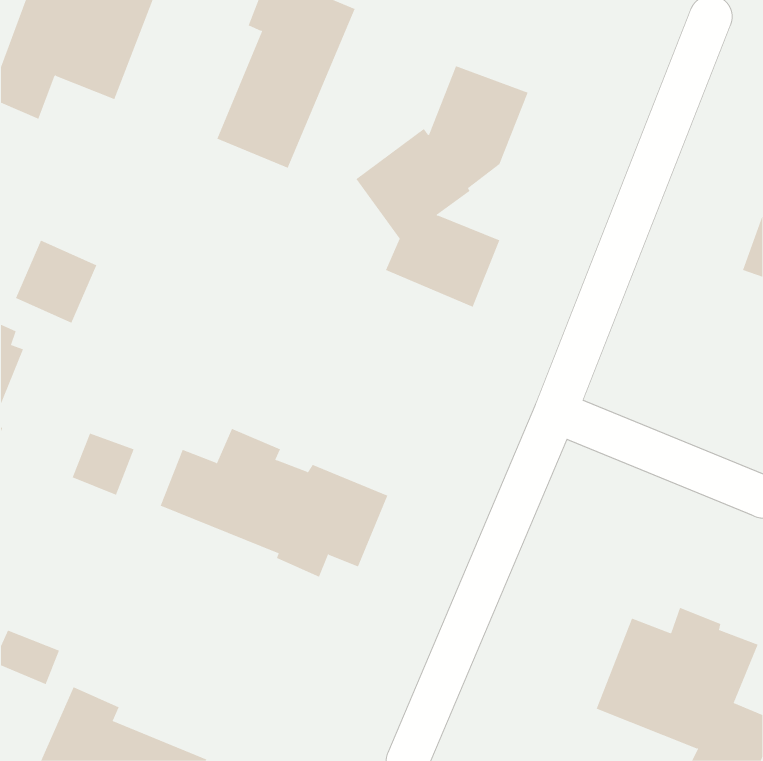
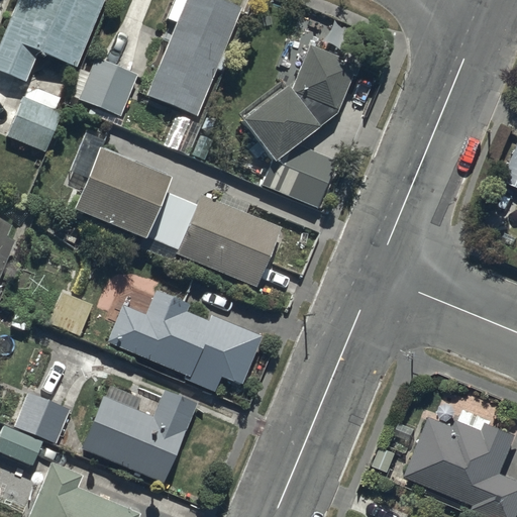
building: none -> [71,58,137,116]
building: none -> [74,145,283,285]
building: [15,240,97,323] -> [5,95,61,151]
building: none -> [84,384,198,483]
building: none -> [14,395,69,443]

